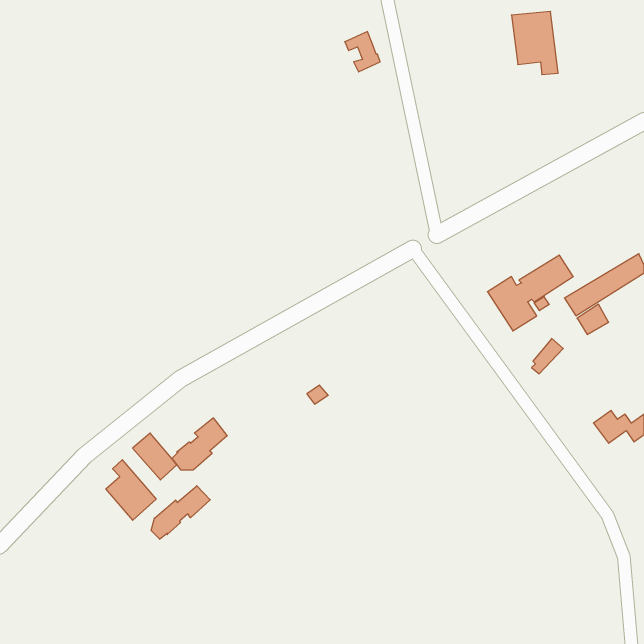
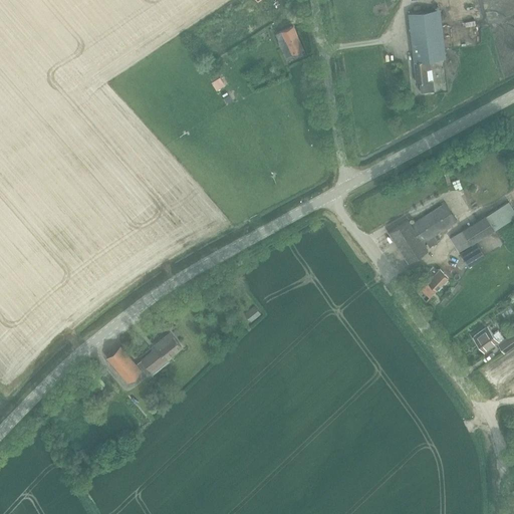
building: none -> [411,50,433,92]
building: [106,460,156,520] -> none
building: [151,486,210,539] -> none

